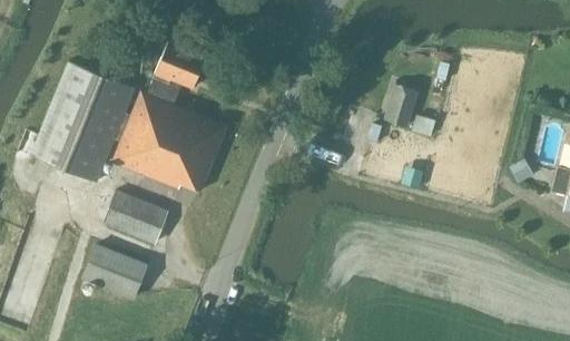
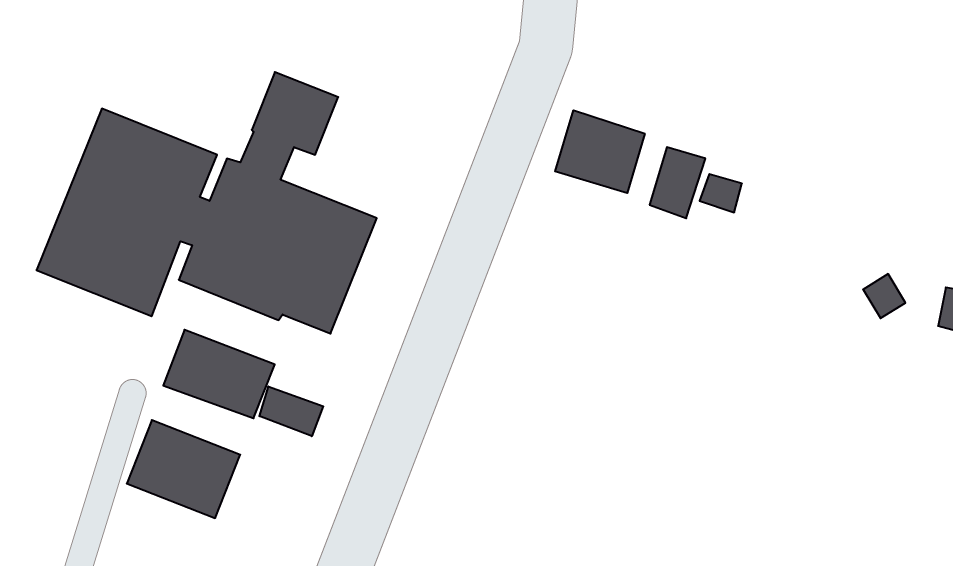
building: none -> [555,110,645,193]
building: none -> [259,386,323,436]

